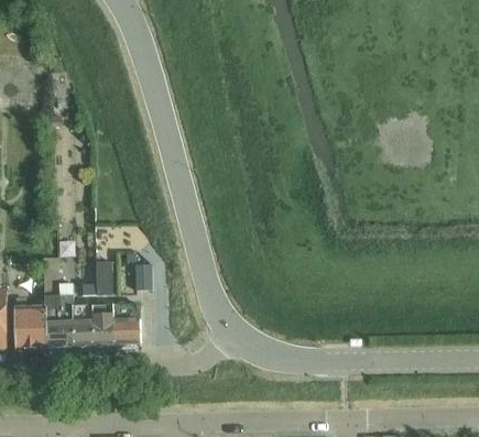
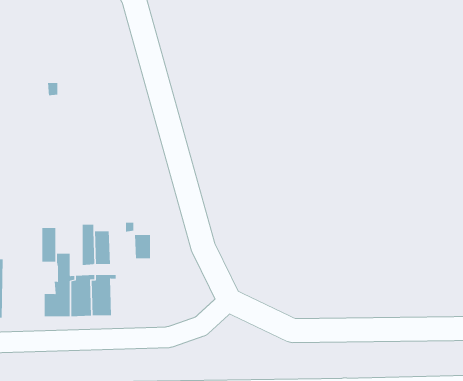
building: [13,297,58,348] -> none
building: [111,304,140,346] -> none

